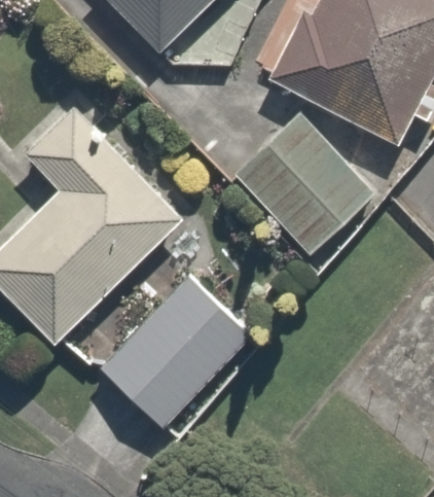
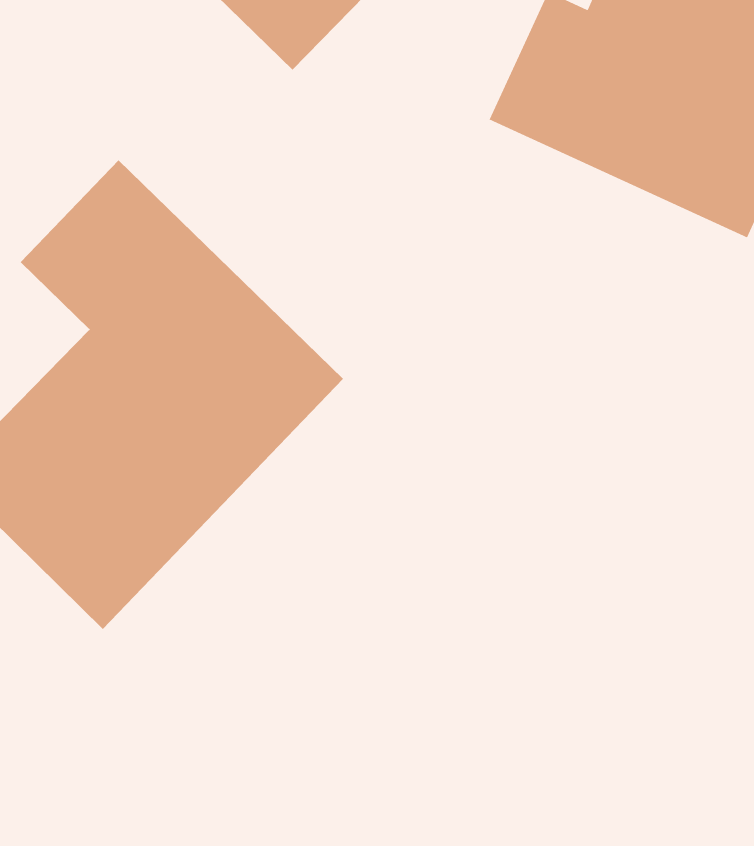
building: [229,110,378,261] -> none
building: [103,278,248,428] -> none

